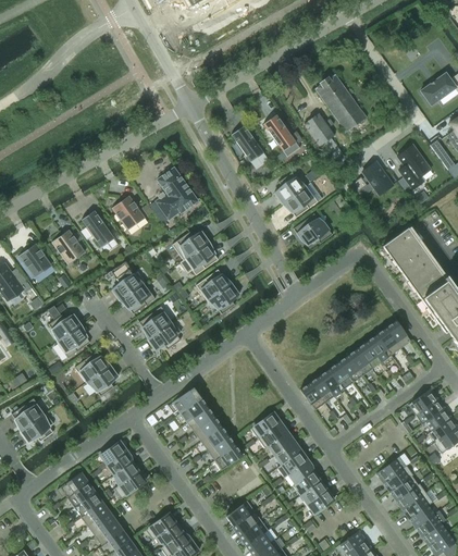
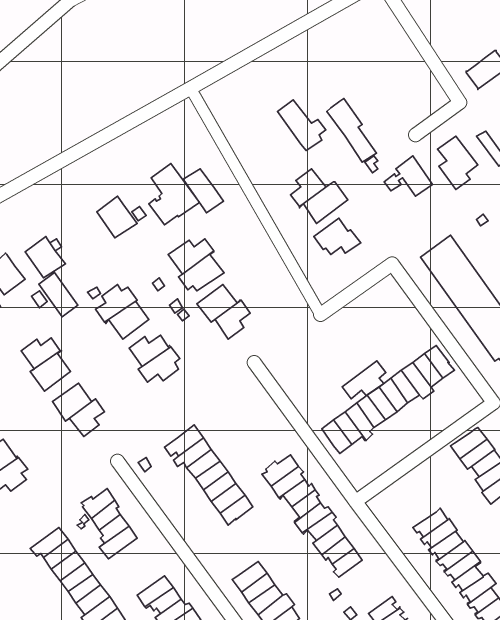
building: [315,74,367,132] -> none
building: [231,125,264,162] -> [183,169,223,213]
building: [82,210,114,247] -> [39,272,78,317]
building: none -> [342,361,386,399]

